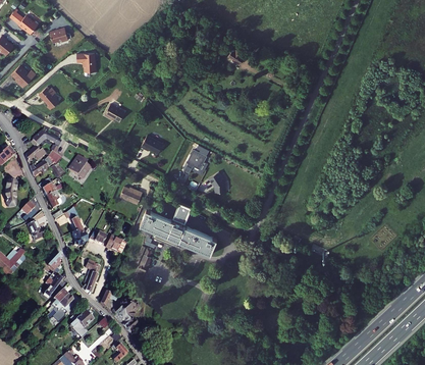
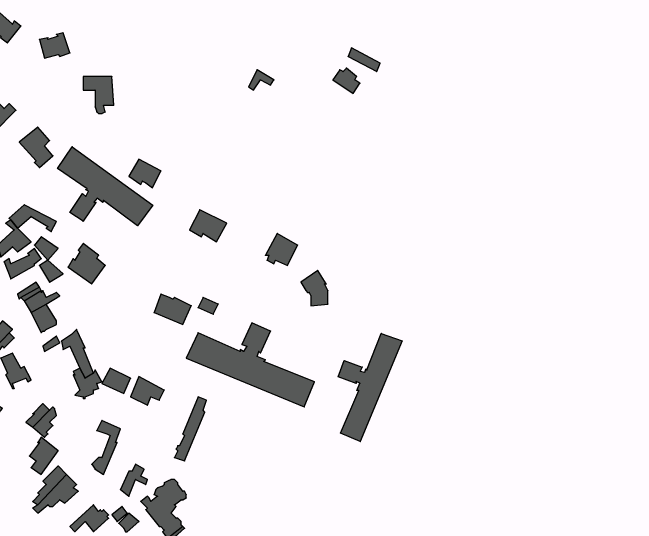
building: none -> [58,147,153,226]
building: none -> [338,333,402,442]

